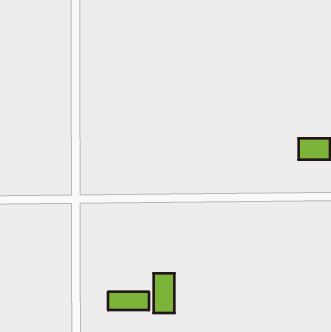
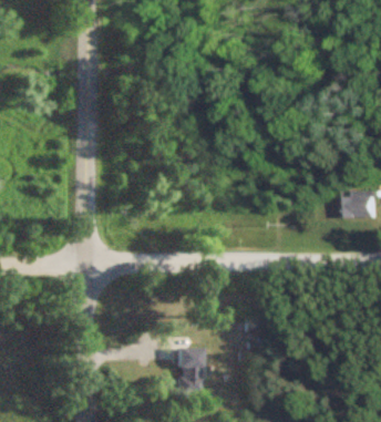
building: [108,292,149,310] -> none

